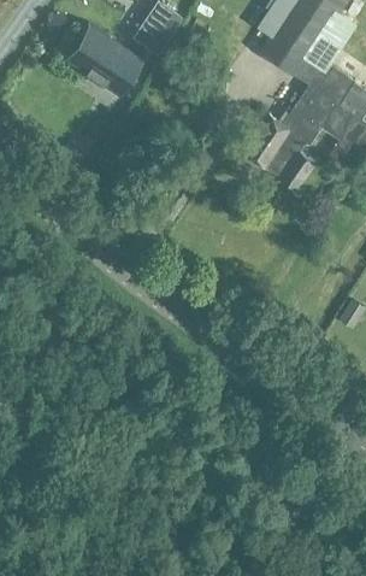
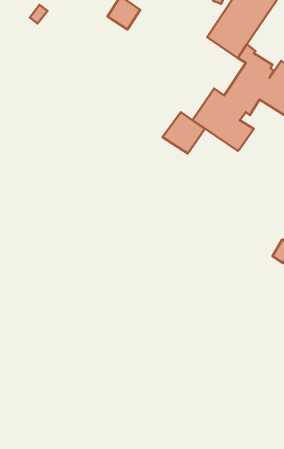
building: [65,23,142,94] -> none
building: none -> [162,112,205,153]

